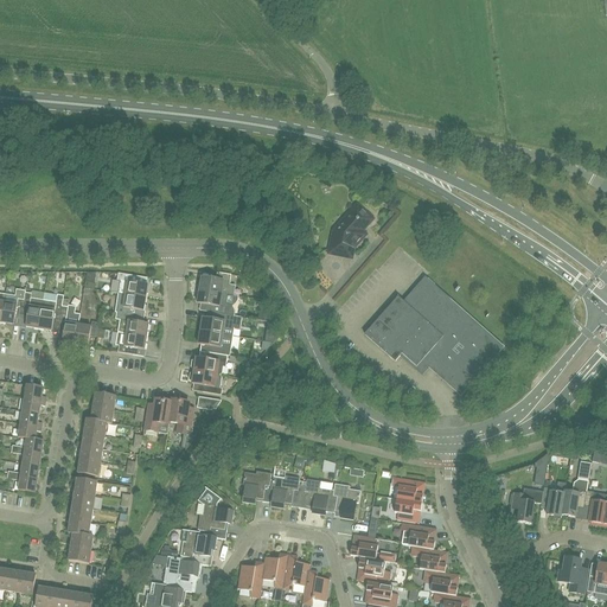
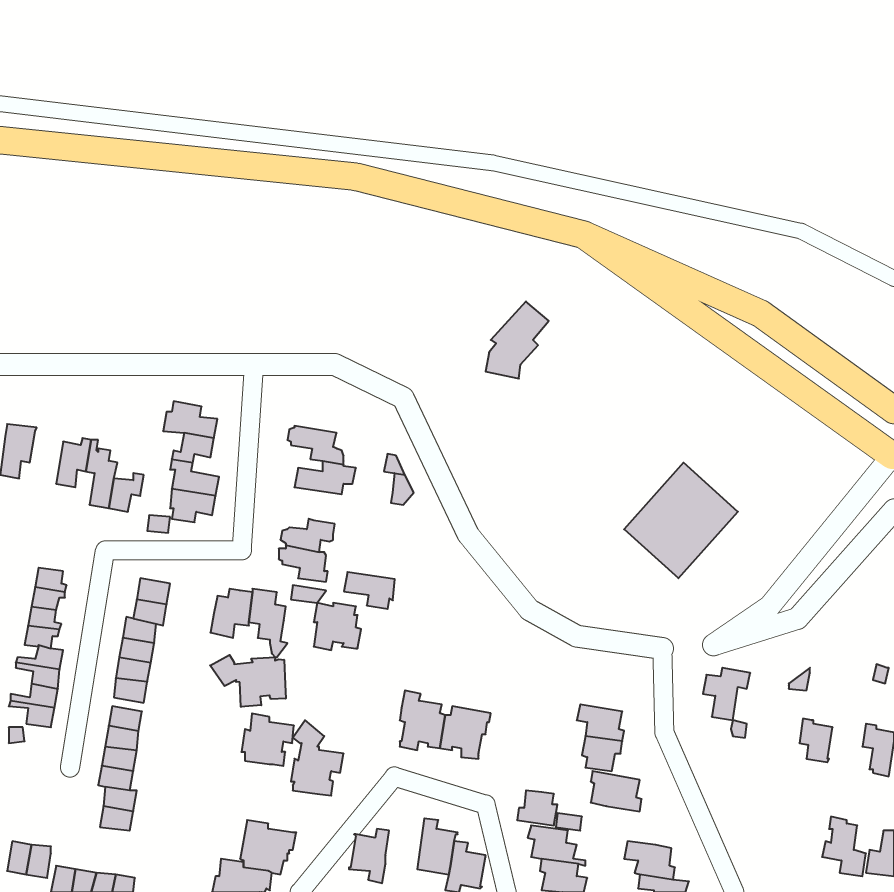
building: [199,271,234,294] -> none
building: [364,280,462,365] -> none
building: [20,289,44,327] -> none
building: [197,330,231,354] -> [344,572,395,609]
building: none -> [210,655,286,707]
building: [242,471,274,503] -> [314,603,361,650]
building: [560,478,587,516] -> none
building: [324,483,359,518] -> none
building: [510,487,542,523] -> [703,668,750,720]
building: [179,529,215,564] -> [241,713,294,766]
building: [409,545,445,571] -> none
building: [261,552,287,588] -> none

